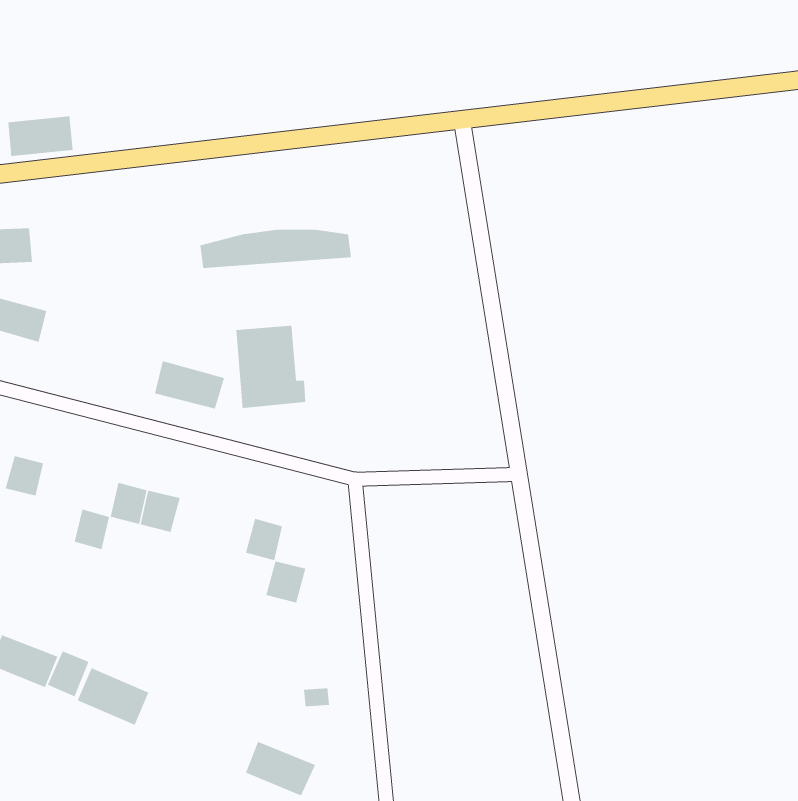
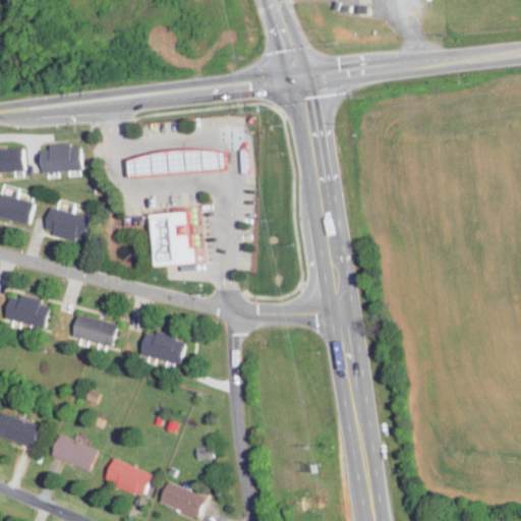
building: [7,116,73,157] -> [38,147,80,173]
building: [154,361,225,409] -> [43,207,89,238]
building: [74,509,110,550] -> [23,301,47,328]
building: [265,561,306,603] -> [138,332,165,359]
building: [47,651,89,697] -> none
building: none -> [104,458,151,495]

